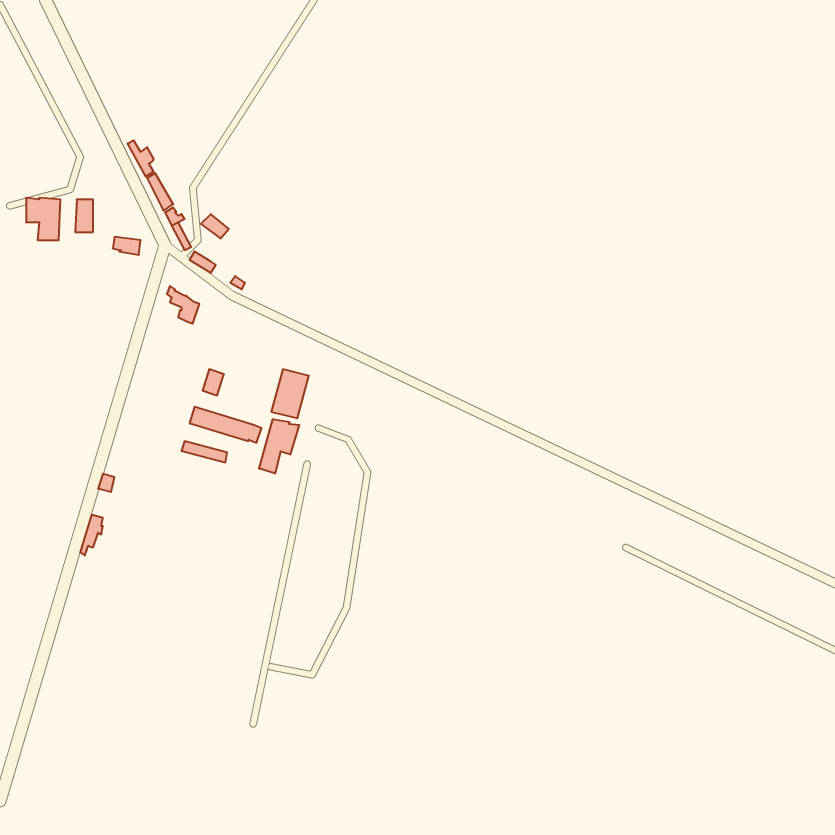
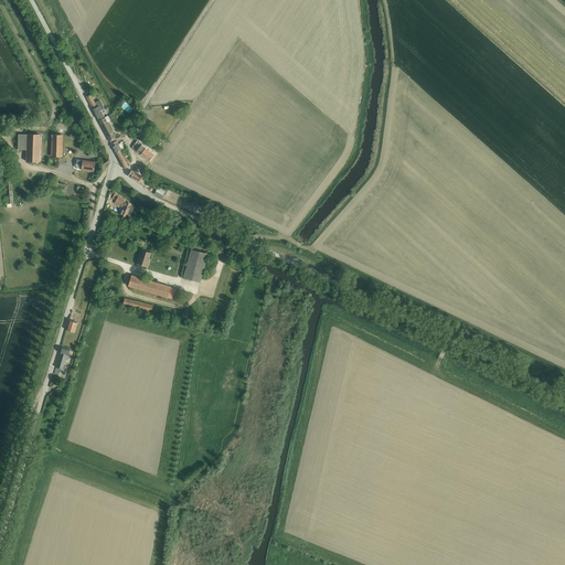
building: [259,419,299,474] -> none

